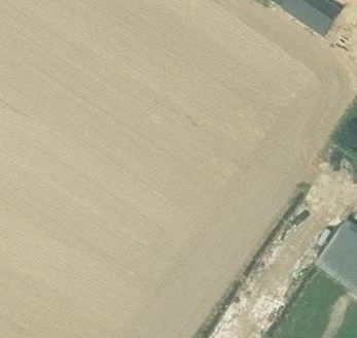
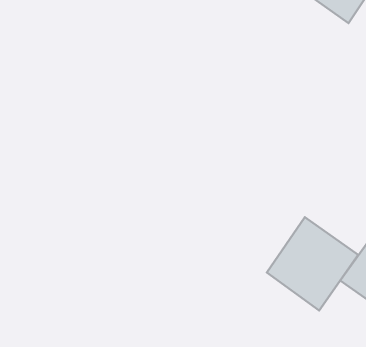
building: none -> [267,217,358,311]

